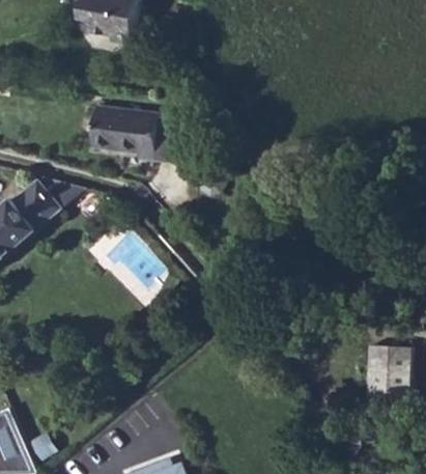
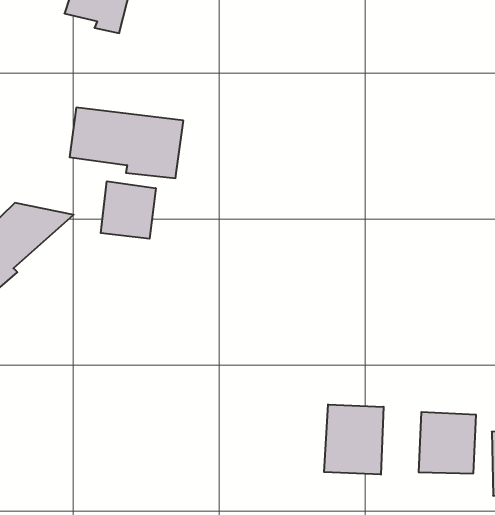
building: none -> [101,181,156,239]
building: none -> [324,404,384,475]

